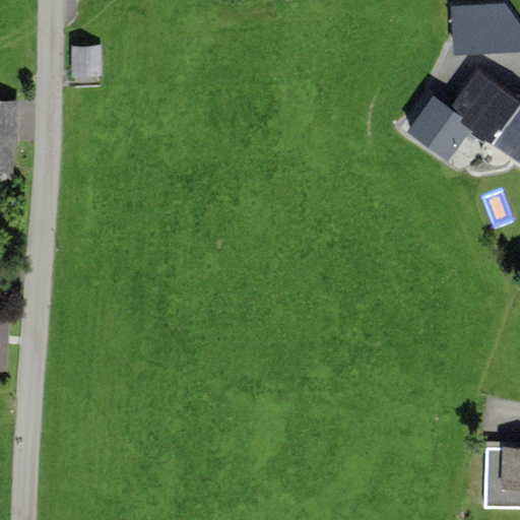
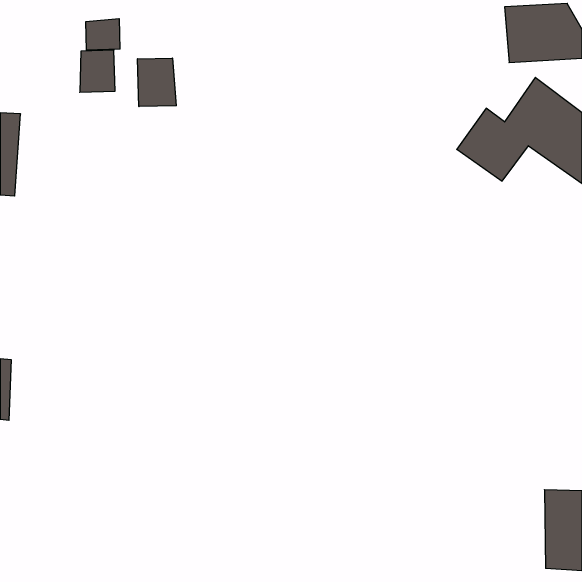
building: none -> [86,19,120,50]
building: none -> [138,58,176,107]

